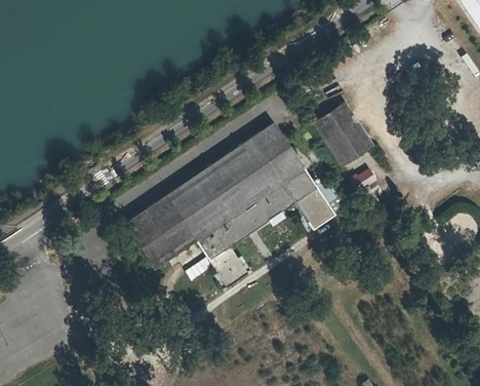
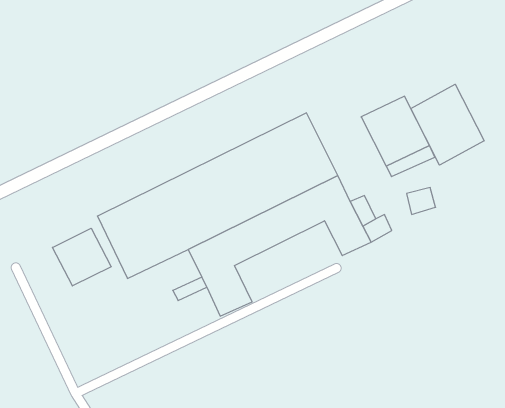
building: none -> [411,84,484,165]
building: none -> [52,228,111,286]

